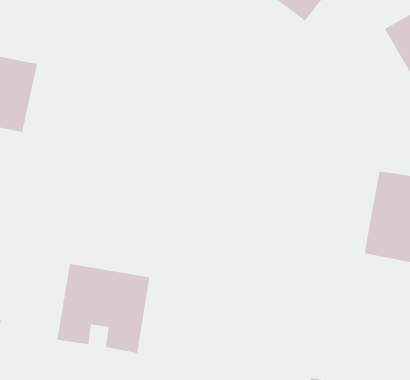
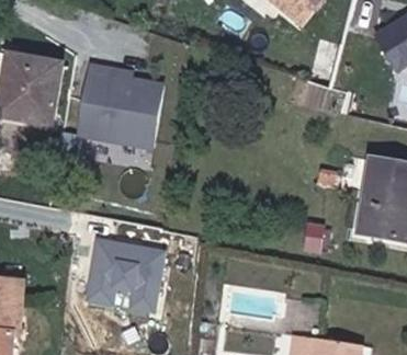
building: none -> [75,69,165,154]

